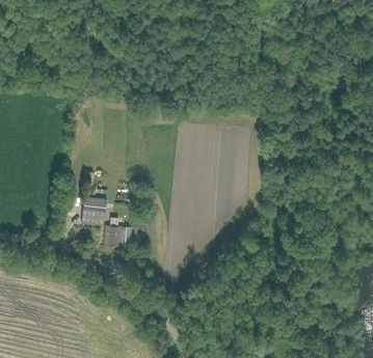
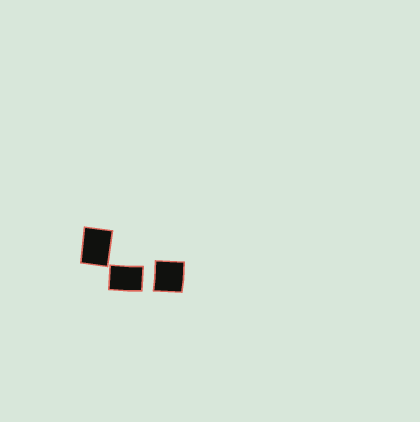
building: none -> [153,261,184,292]

